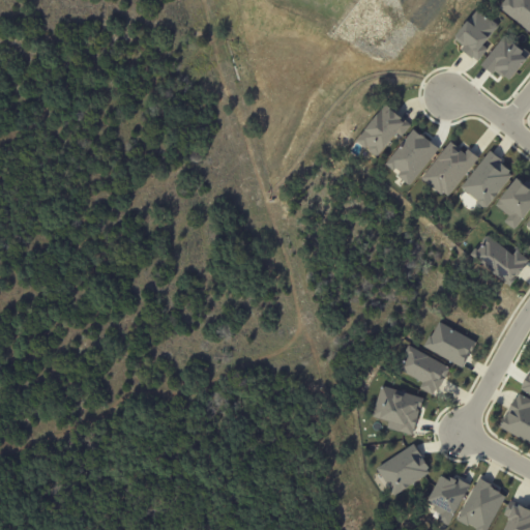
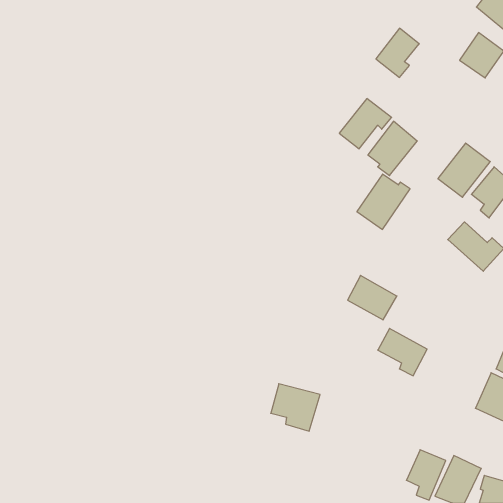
building: [453,8,499,60] -> [376,28,419,77]
building: [422,140,478,198] -> [357,174,410,229]
building: [425,320,477,366] -> [348,275,397,320]
building: [373,385,424,435] -> [271,384,320,431]
building: [378,444,432,494] -> none

